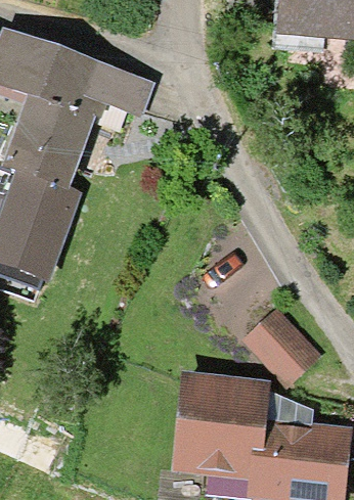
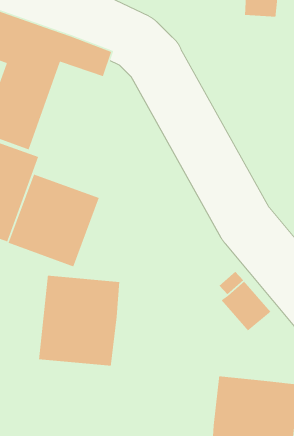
building: none -> [8,173,100,267]
building: [182,378,268,474] -> [38,275,120,367]

